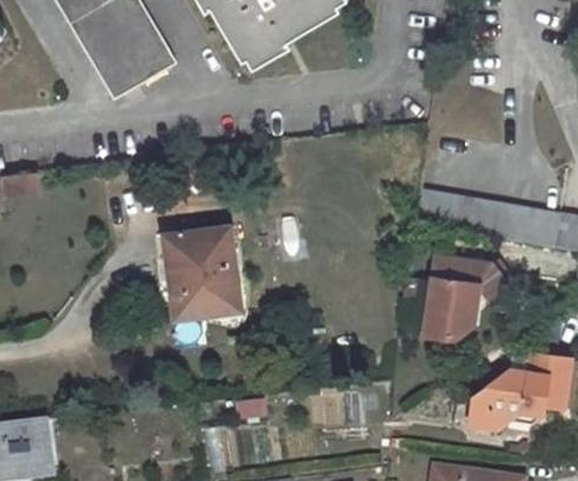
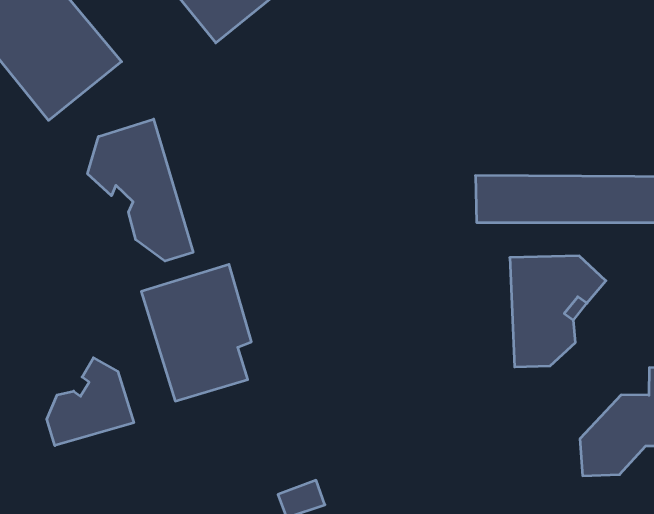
building: none -> [88,119,193,261]
building: none -> [47,358,134,446]

